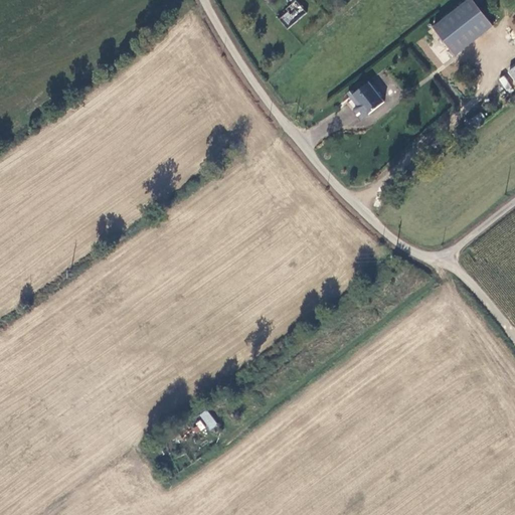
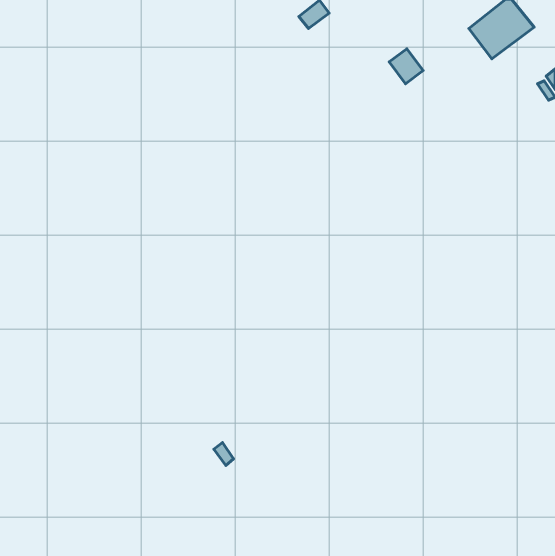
building: [352,81,383,114] -> [389,49,423,84]

